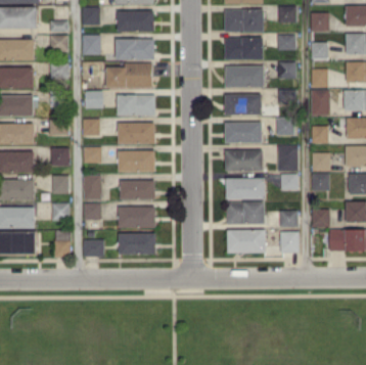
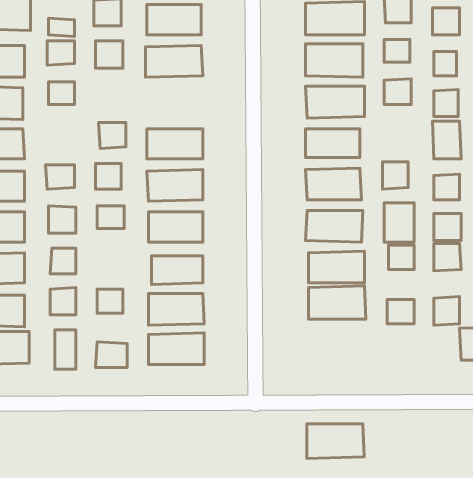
building: [105,63,152,88] -> none
building: [82,175,101,200] -> none
building: [227,230,266,254] -> [307,424,364,458]
building: [279,231,299,253] -> none

